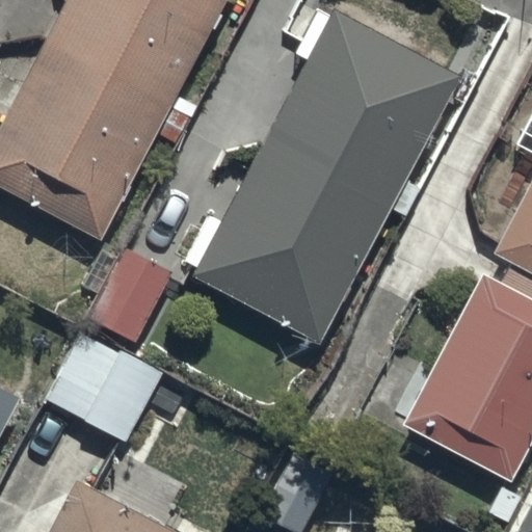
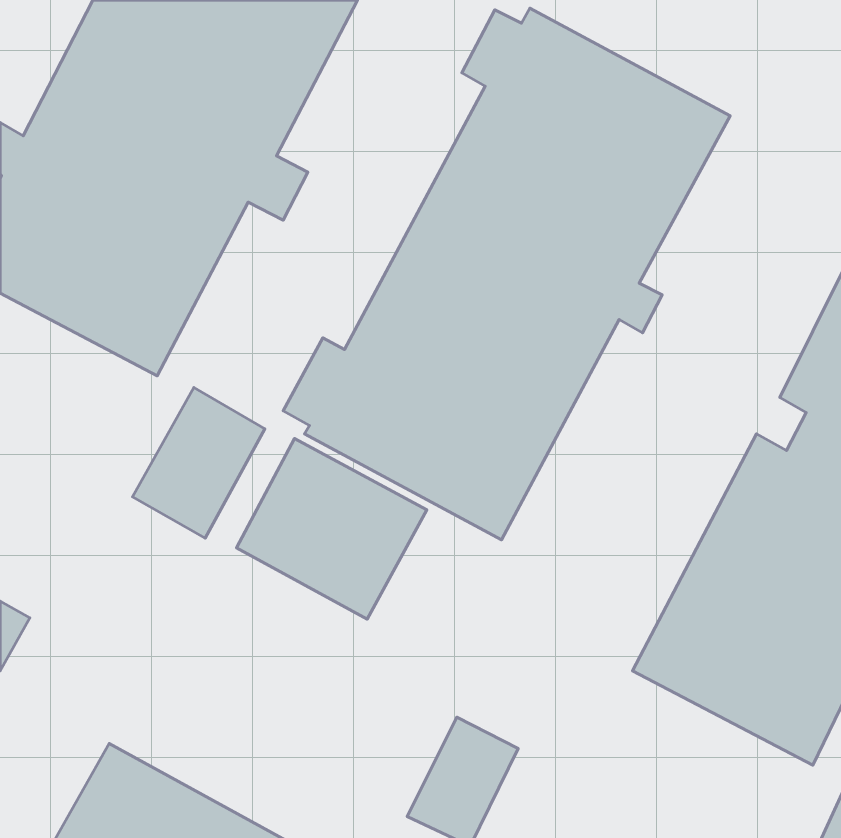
building: [46,327,165,441] -> [237,439,427,619]

